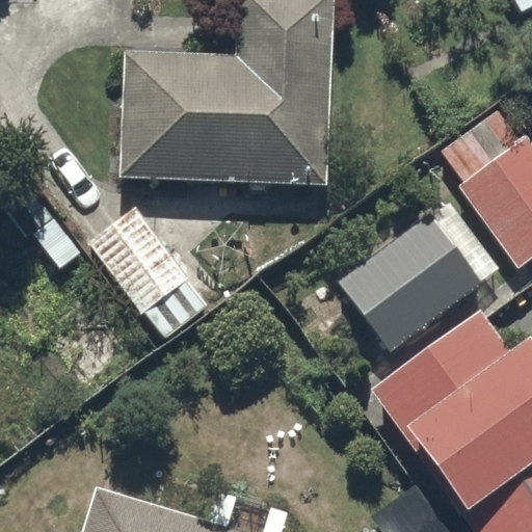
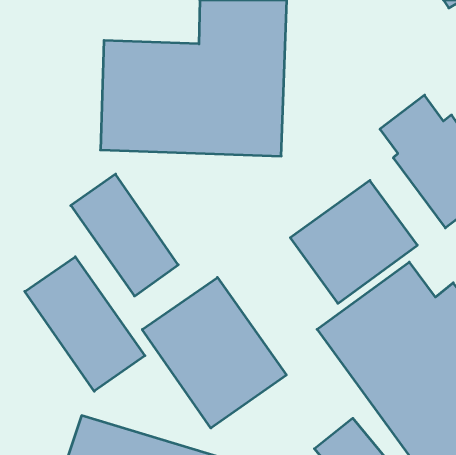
building: none -> [25,257,145,391]
building: none -> [142,277,286,428]

